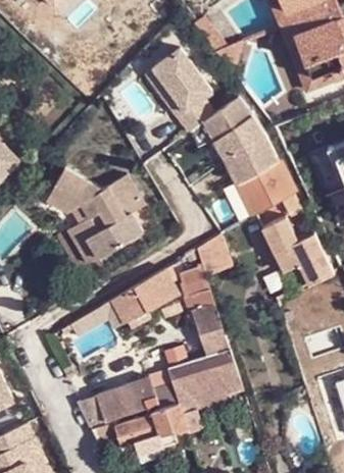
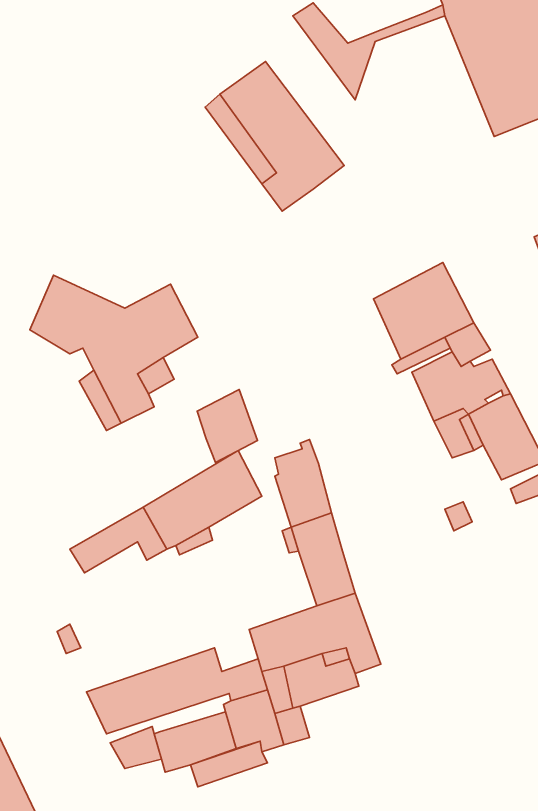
building: [204,98,277,182] -> none
building: [197,233,231,274] -> [197,389,257,462]

